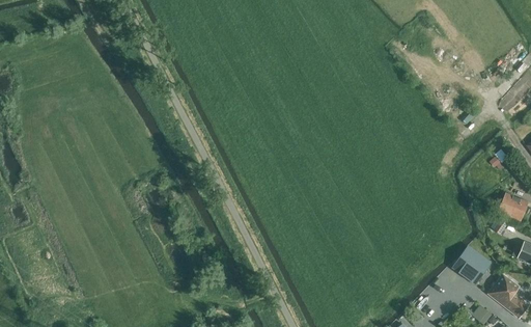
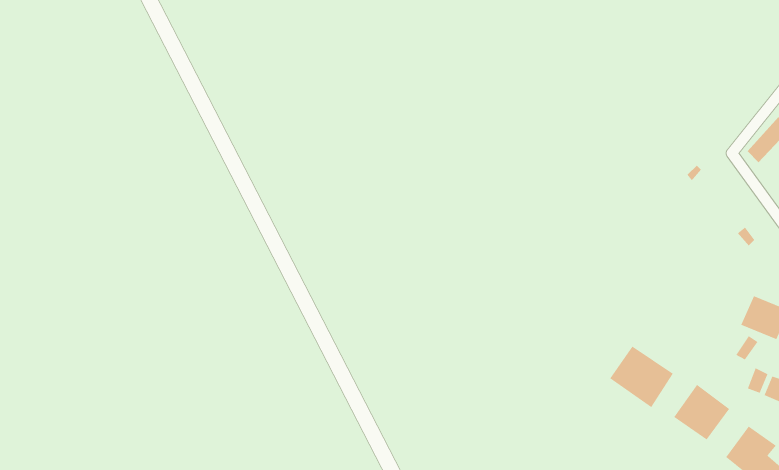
building: none -> [609,346,674,408]

